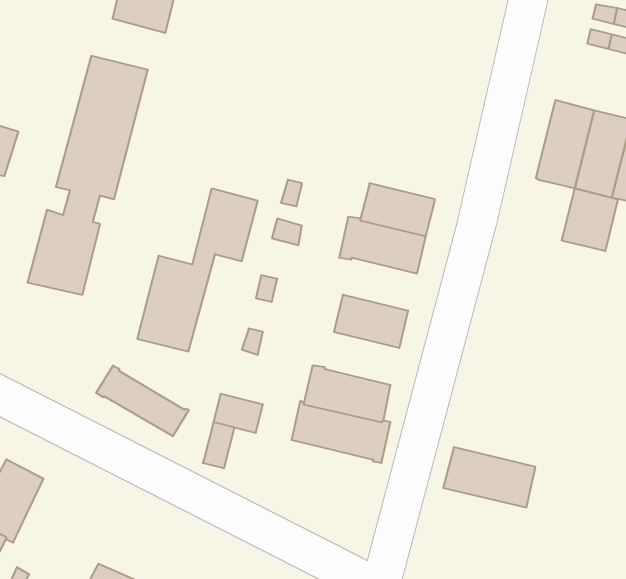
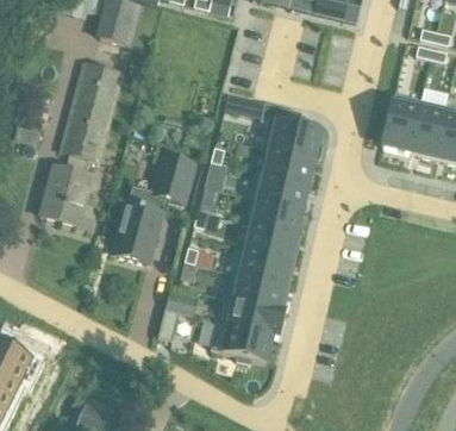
building: none -> [262,104,321,161]
building: [562,189,618,251] -> none
building: none -> [252,199,302,235]
building: none -> [241,249,291,285]
building: [96,365,189,436] -> none
building: [443,447,535,507] -> [211,321,273,362]

